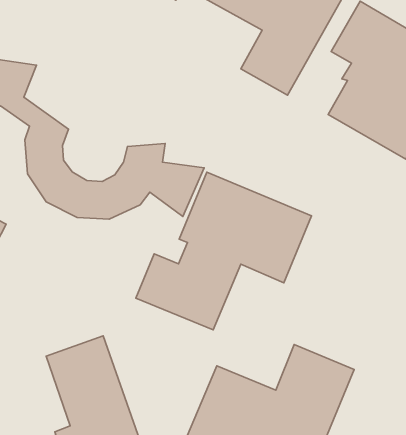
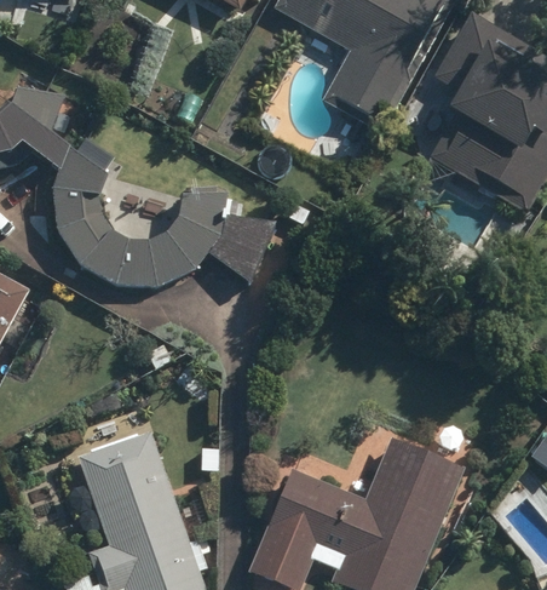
building: [136,172,312,330] -> none

